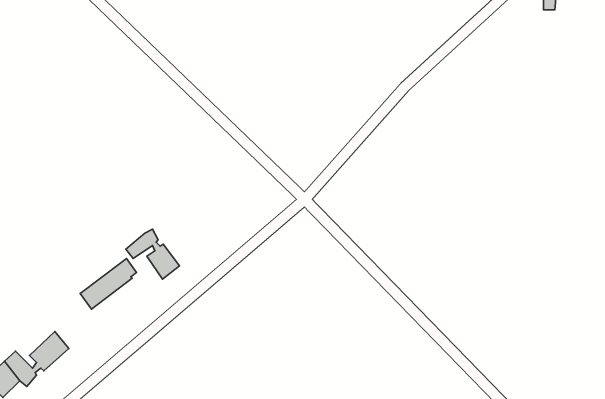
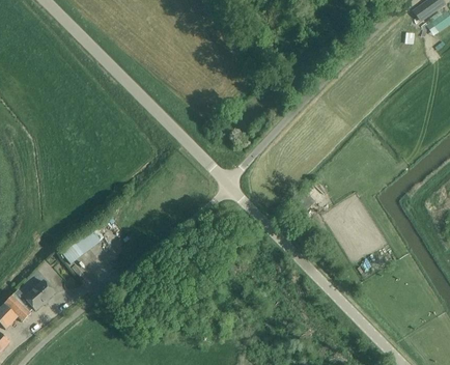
building: [126,229,180,279] -> none

